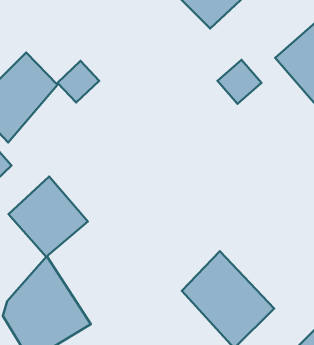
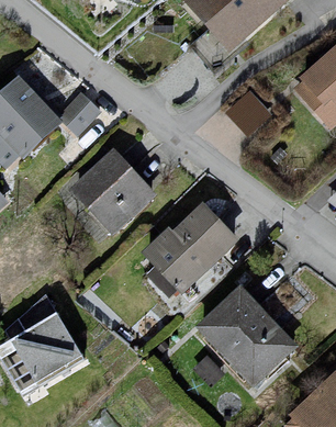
building: none -> [141,202,234,294]
building: [8,177,88,257] -> [68,150,152,235]

